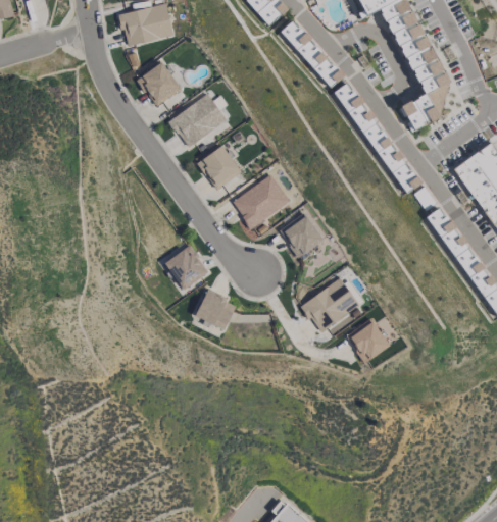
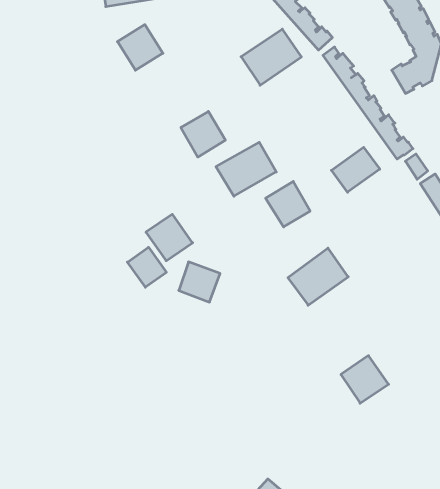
building: [168,94,227,148] -> [241,29,301,85]
building: none -> [331,147,380,192]
building: none -> [127,247,166,287]
building: [346,317,392,363] -> [341,356,389,403]

